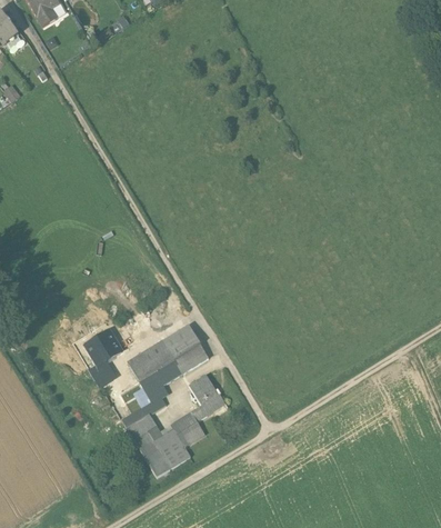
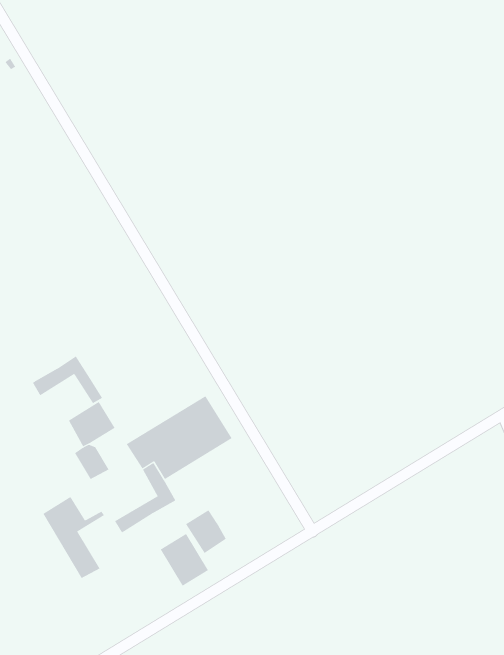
building: none -> [32,356,103,404]
building: [187,373,225,420] -> none
building: [127,414,173,476] -> [43,496,105,579]

